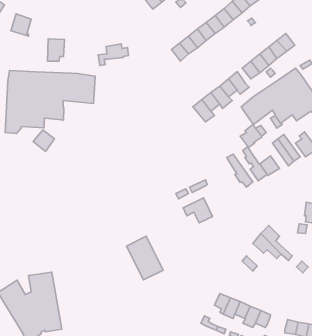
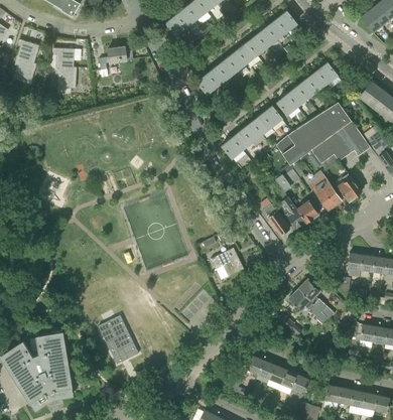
building: none -> [54,48,76,69]
building: none -> [12,60,35,85]
building: [98,44,128,65] -> [98,46,132,71]
building: [5,71,95,134] -> none
building: [127,236,163,280] -> [97,315,138,365]

